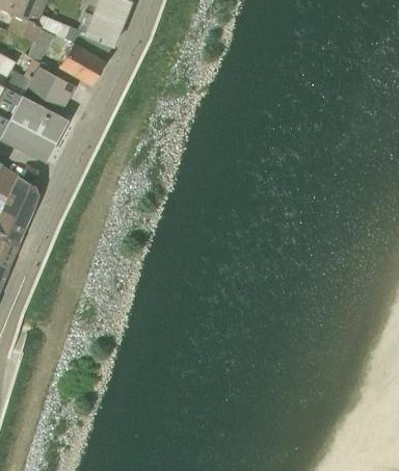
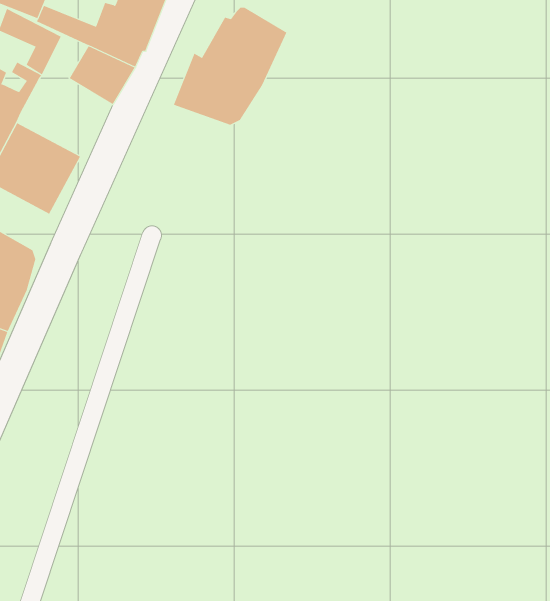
building: none -> [173,7,287,125]
building: [26,67,75,110] -> none

